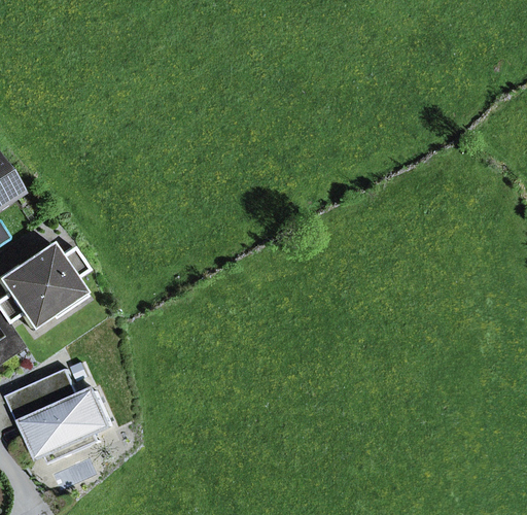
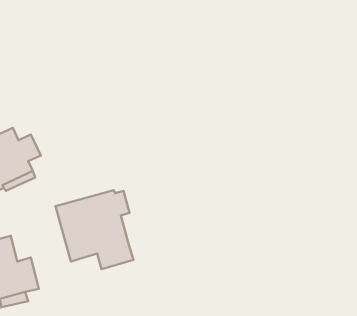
building: none -> [55,190,134,269]

